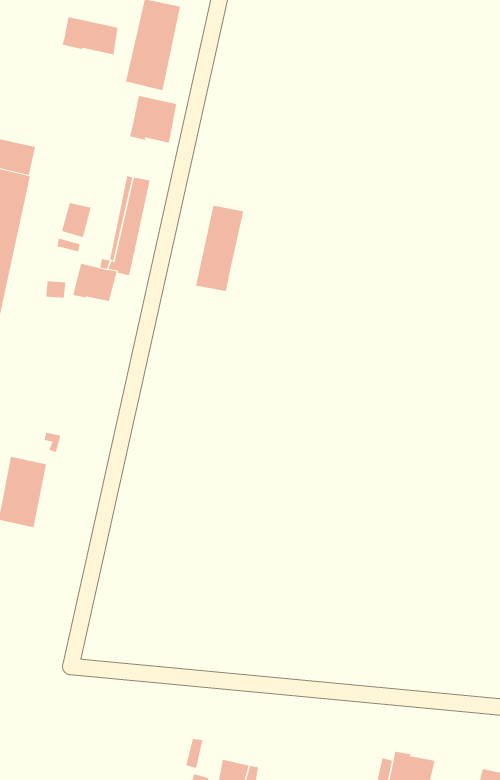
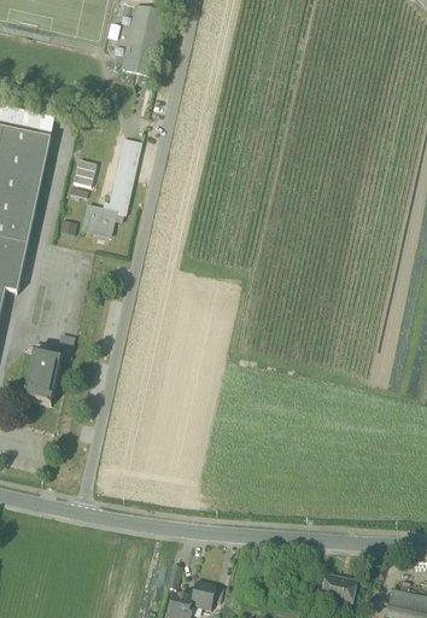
building: [62,16,118,57] -> none
building: [130,95,177,146] -> none
building: [195,205,244,292] -> none

